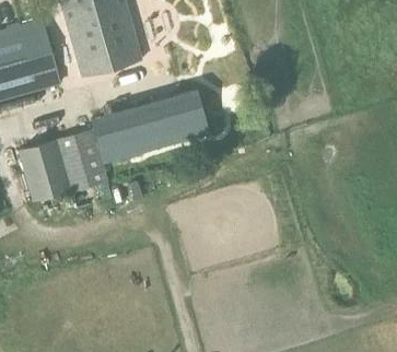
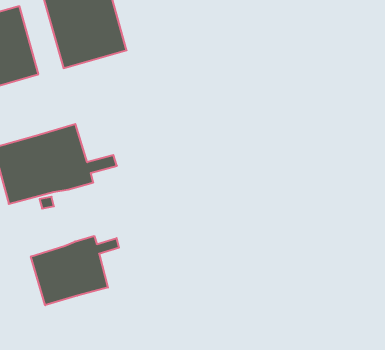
building: [92,89,210,164] -> none
building: none -> [31,236,119,305]

